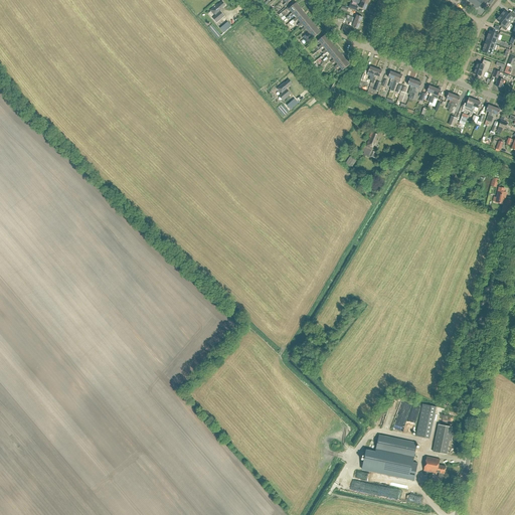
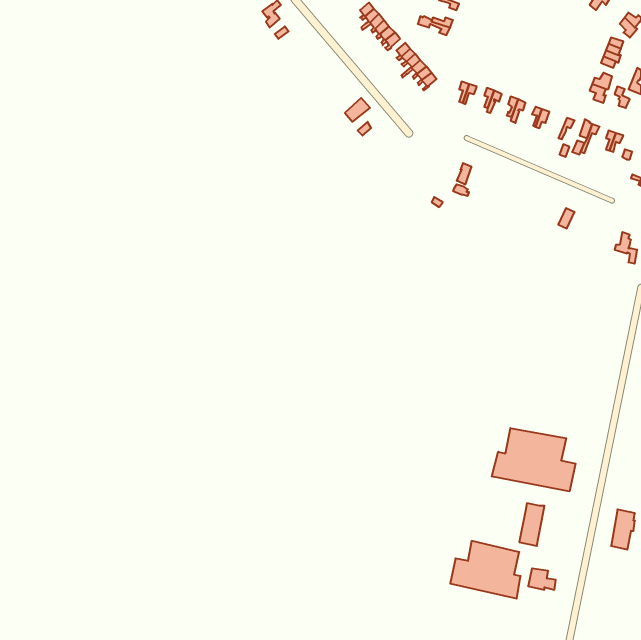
building: none -> [492,428,576,491]
building: [434,422,453,455] -> [611,509,635,550]

